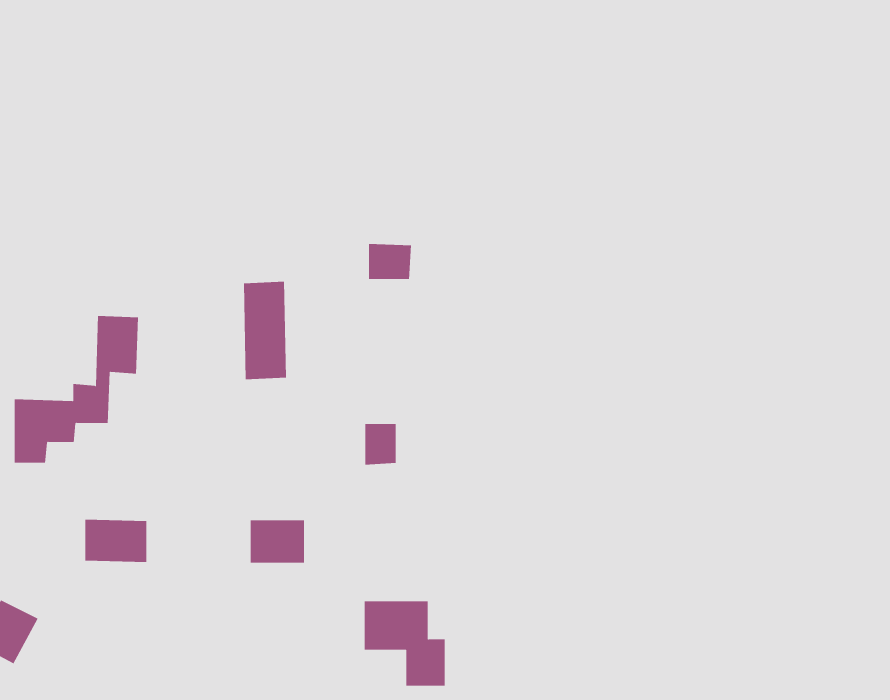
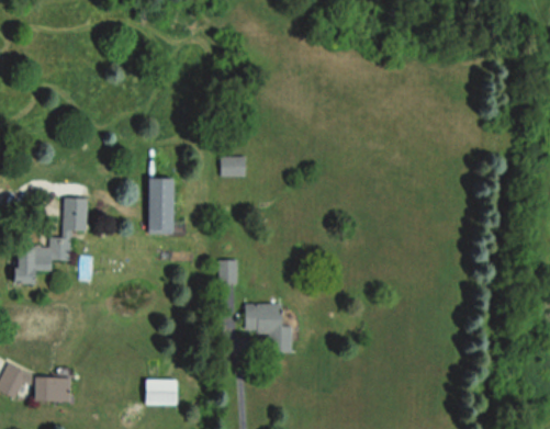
building: [85,519,147,563] -> [34,376,70,402]
building: [250,520,305,563] -> [145,380,177,405]
building: [364,601,445,686] -> [245,304,292,353]

